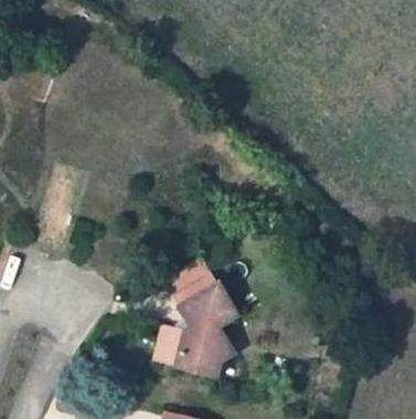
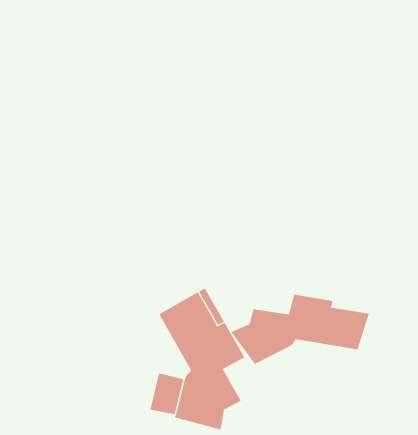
building: none -> [231,294,370,365]

